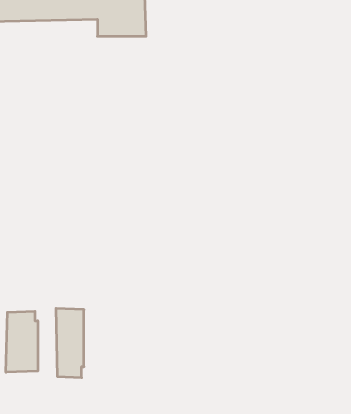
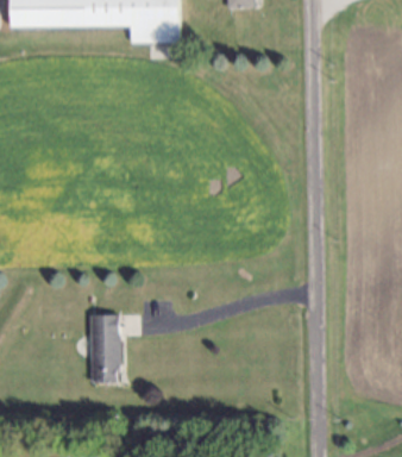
building: [6,311,38,372] -> none

